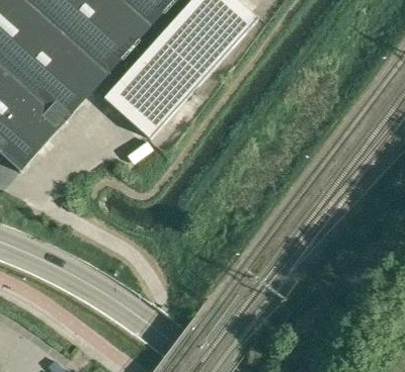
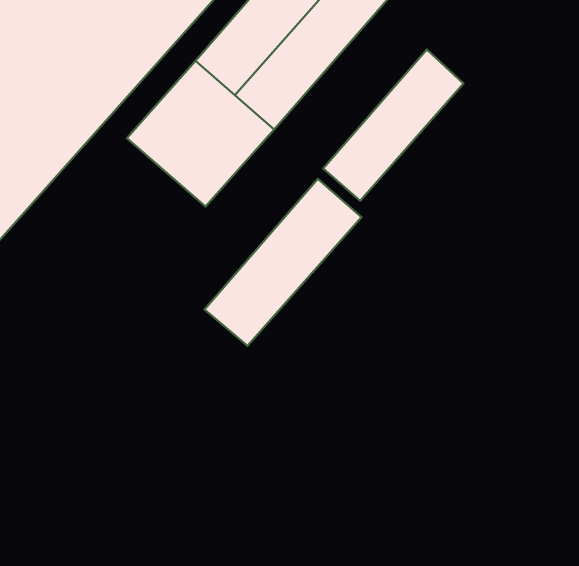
building: none -> [323,50,464,201]
building: none -> [205,179,361,346]

